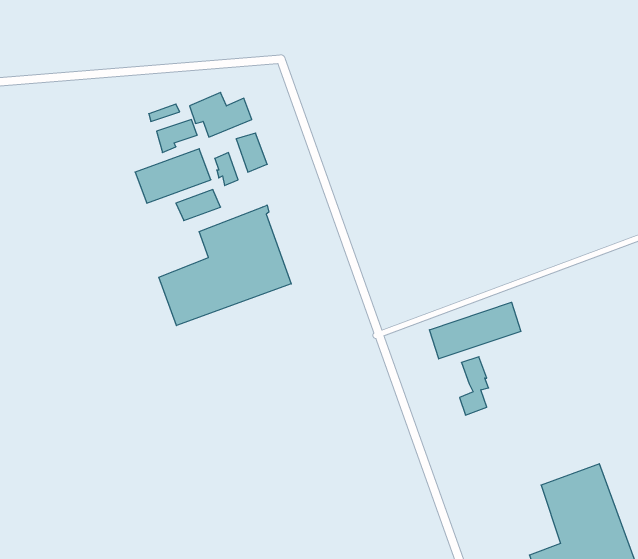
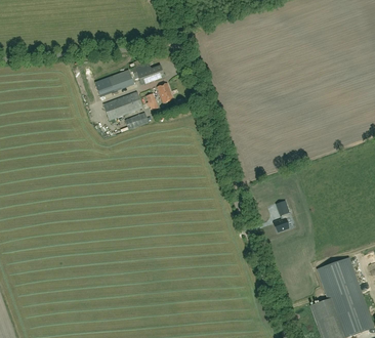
building: [159,205,291,326] -> none
building: [429,302,521,359] -> none

